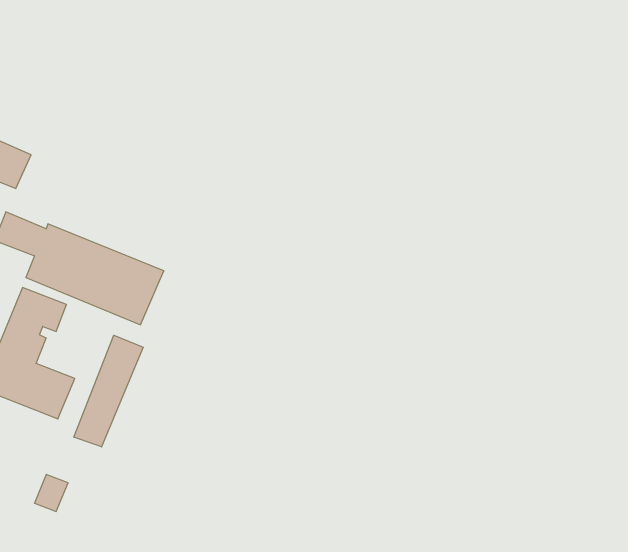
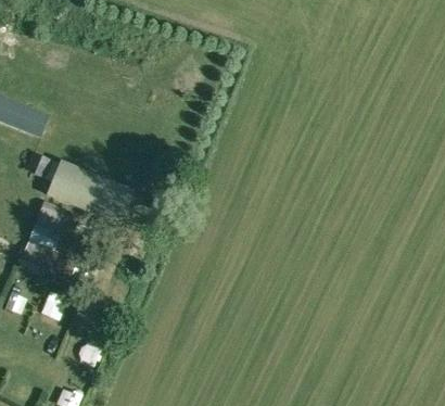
building: [74,335,143,447] -> none

